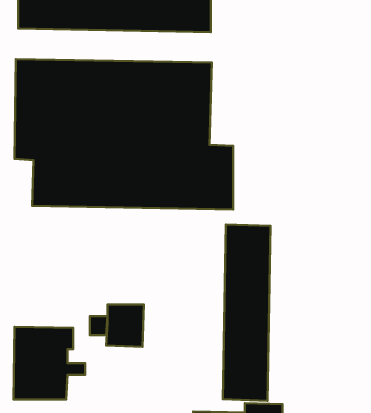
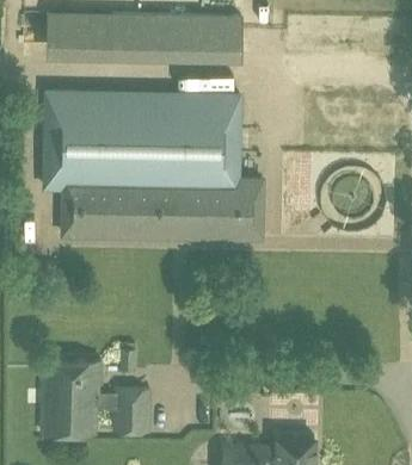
building: [223,224,271,401] -> none
building: [106,304,144,347] -> [112,390,150,433]

